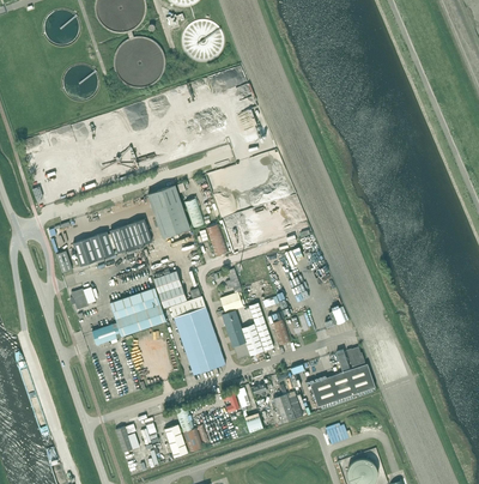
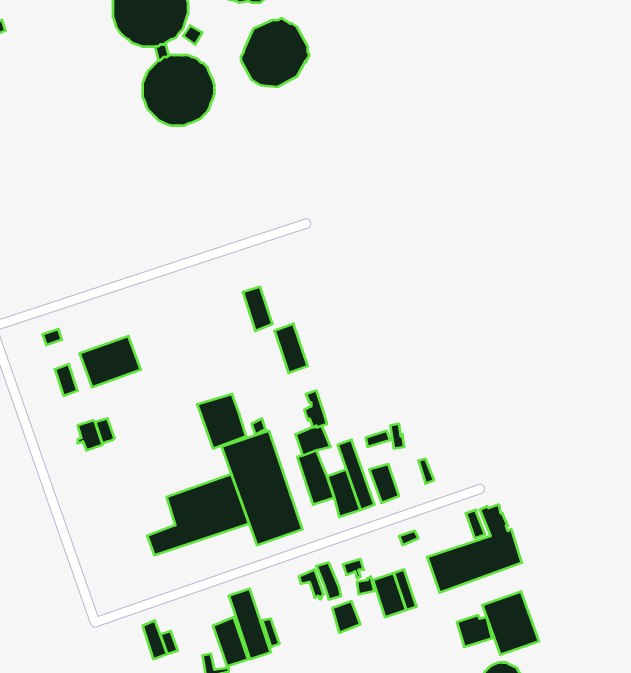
building: [147,184,189,237] -> none
building: [109,218,151,253] -> none
building: [91,289,160,344] -> [147,474,249,555]
building: none -> [482,591,539,655]

